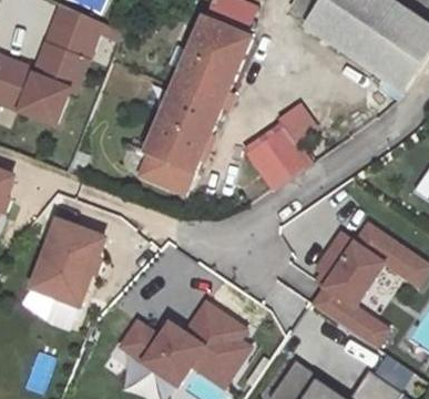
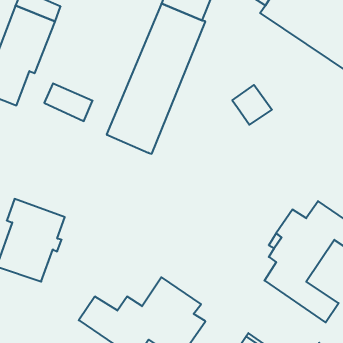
building: [245,125,307,186] -> none
building: [142,154,192,193] -> [44,83,93,121]

